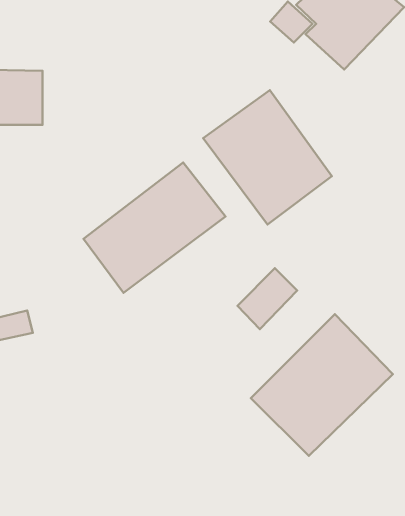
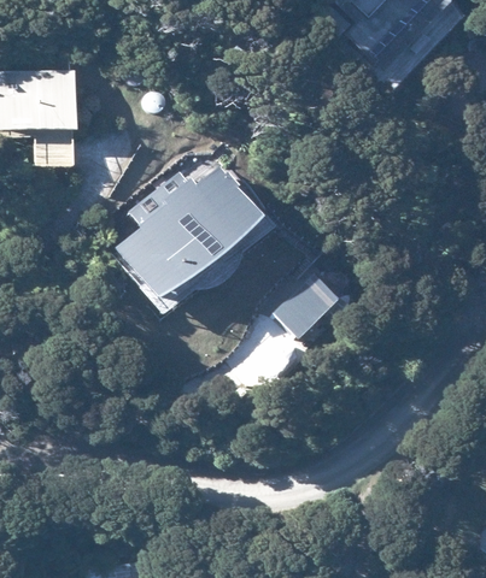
building: [203,90,332,224] -> none
building: [251,314,393,456] -> none

